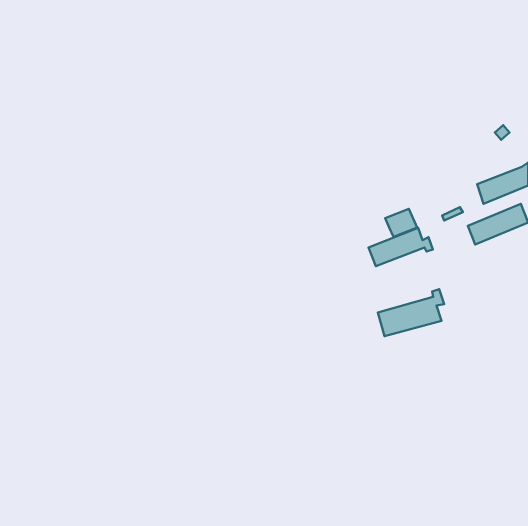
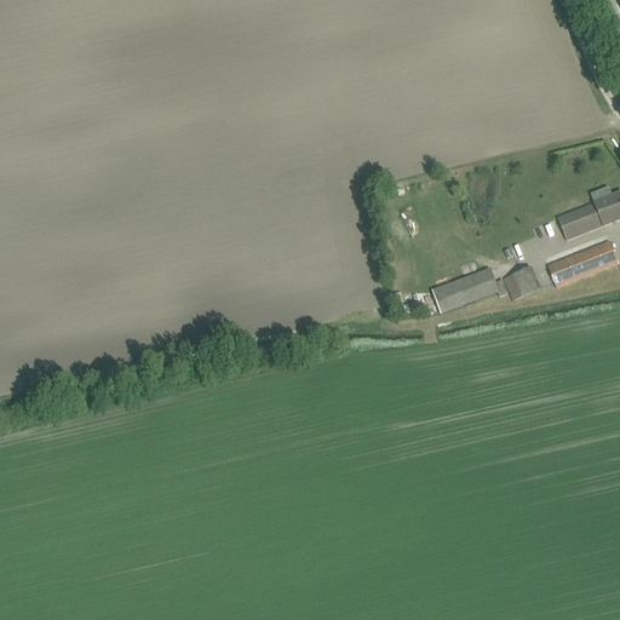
building: [385,209,417,237] -> [503,265,540,298]
building: [378,289,444,336] -> none

